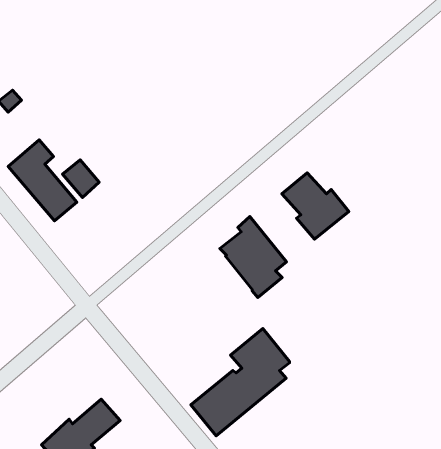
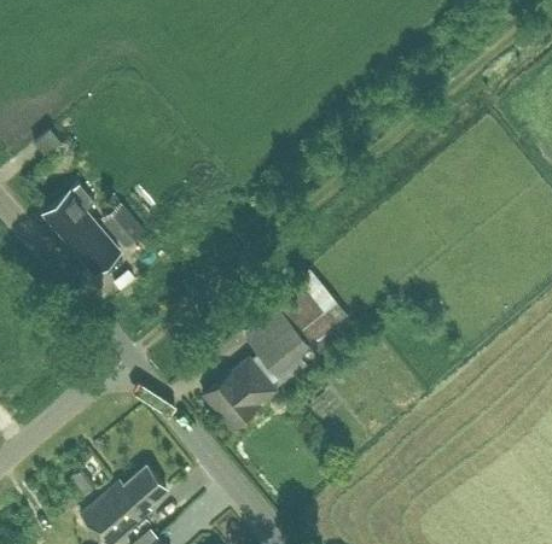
building: [282,173,349,239] -> none
building: [191,328,289,436] -> [202,311,309,428]

